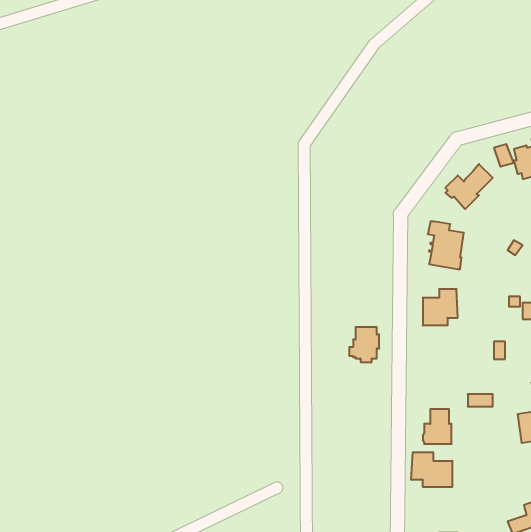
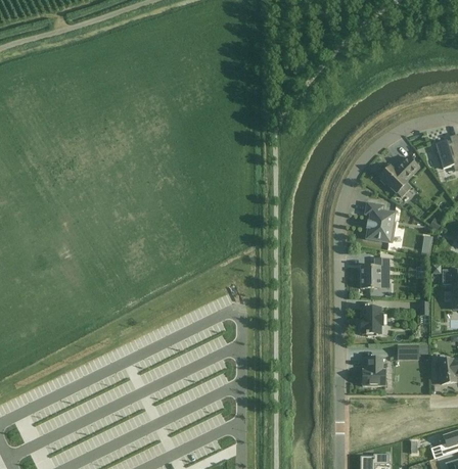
building: [349,327,379,362] -> [358,308,382,336]
building: [411,452,452,487] -> none

